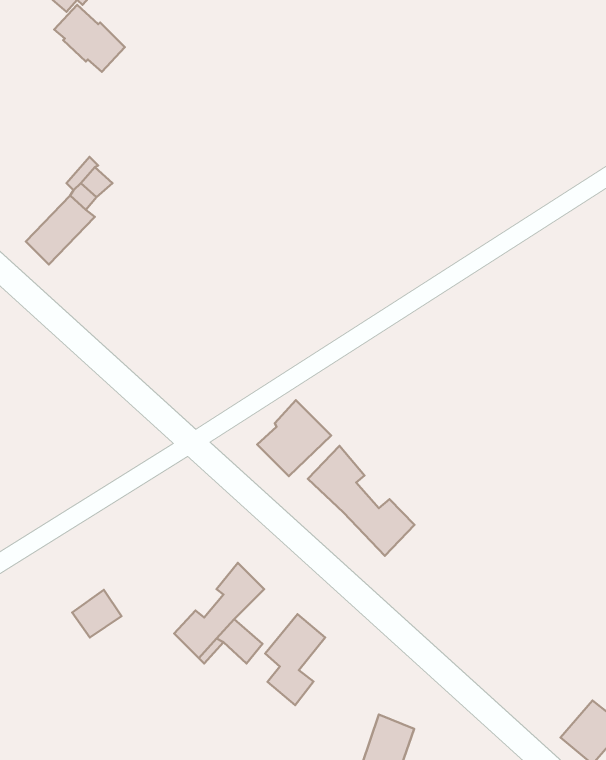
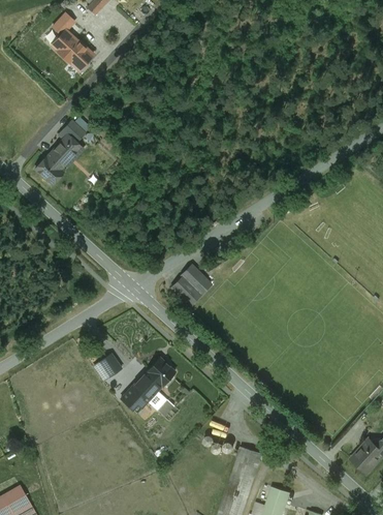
building: [308,446,414,556] -> none
building: [72,590,122,637] -> [93,353,122,381]
building: [265,614,325,705] -> none

